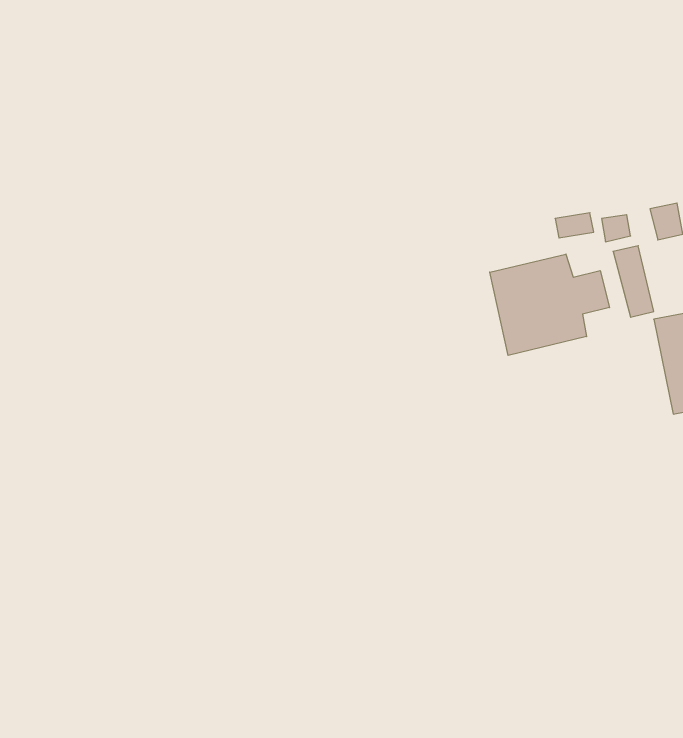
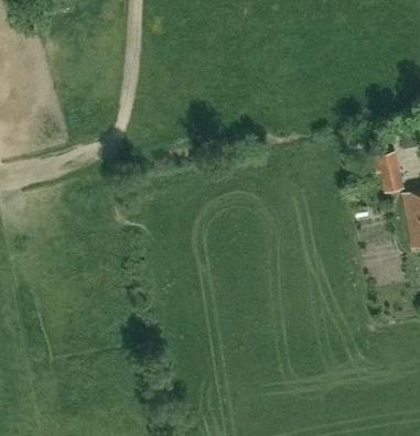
building: [490,254,609,355] -> none

